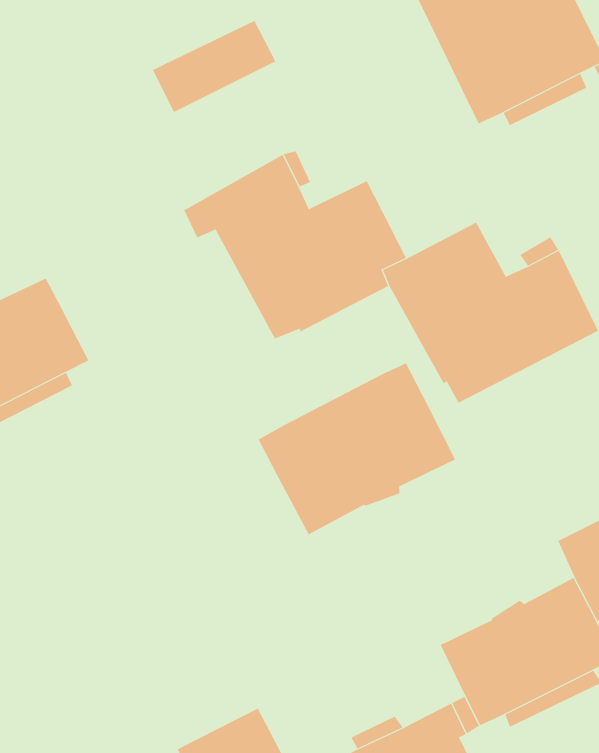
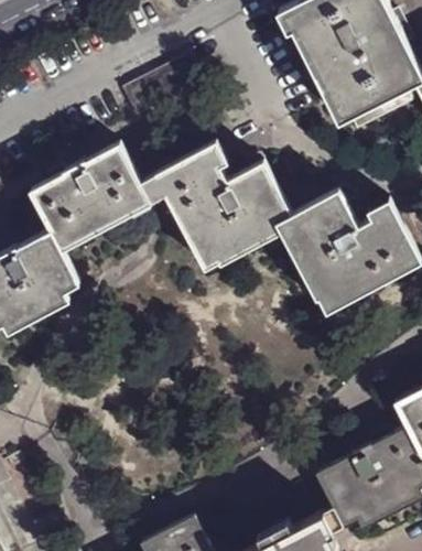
building: none -> [31,143,152,250]
building: [258,362,456,535] -> none

